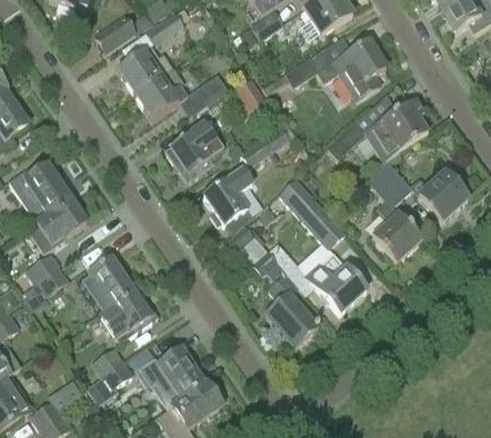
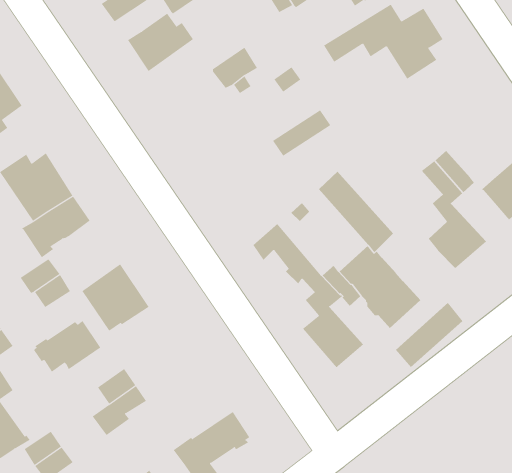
building: [134,66,187,119] -> none
building: [327,92,428,160] -> none
building: [164,121,222,177] -> none
building: [203,168,249,223] -> none
building: none -> [395,302,463,368]
building: [100,292,158,337] -> [33,320,101,372]
building: [138,348,207,406] -> none

